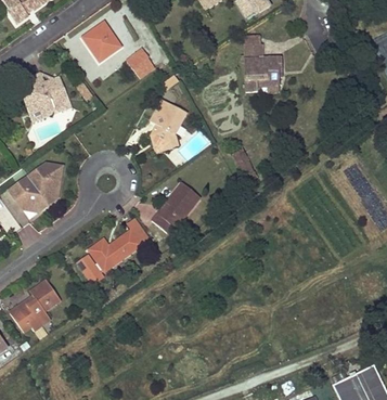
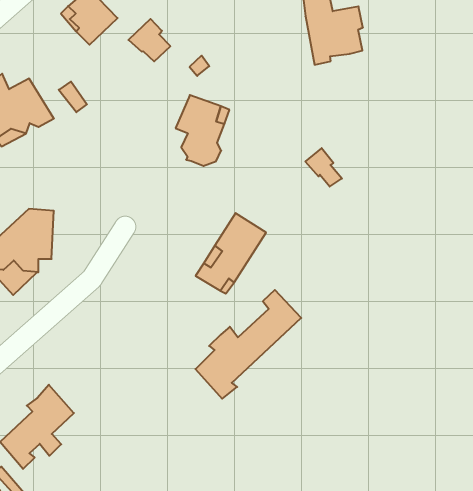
building: [77,217,151,284] -> [195,290,301,399]

